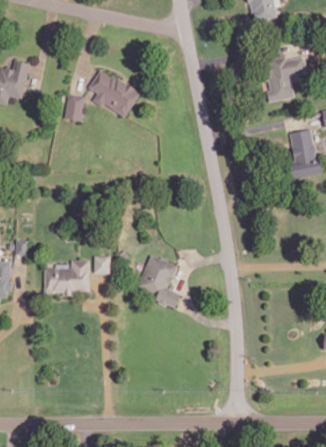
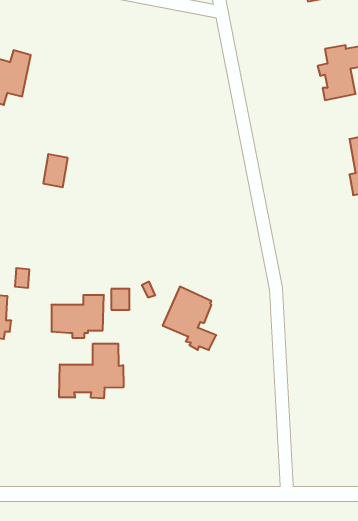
building: [89,71,137,115] -> none
building: [64,94,84,121] -> [43,154,68,187]
building: none -> [59,344,123,398]

